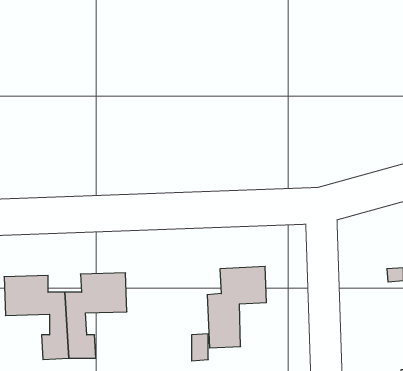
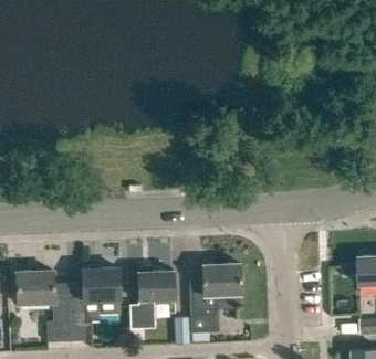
building: none -> [128,267,174,330]

